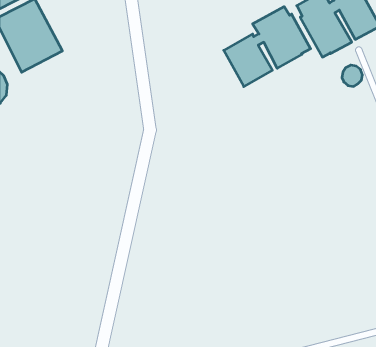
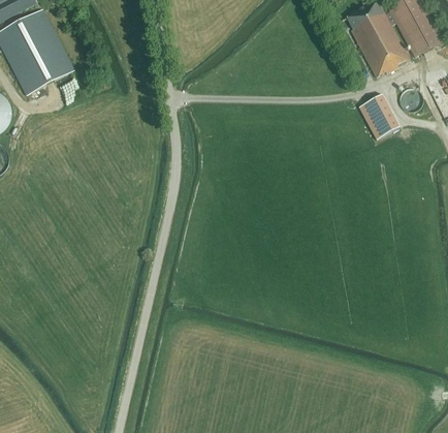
building: [224,7,311,87] -> none
building: none -> [358,93,398,138]

